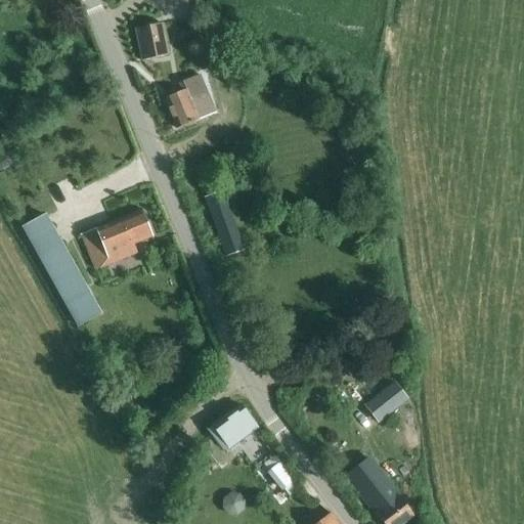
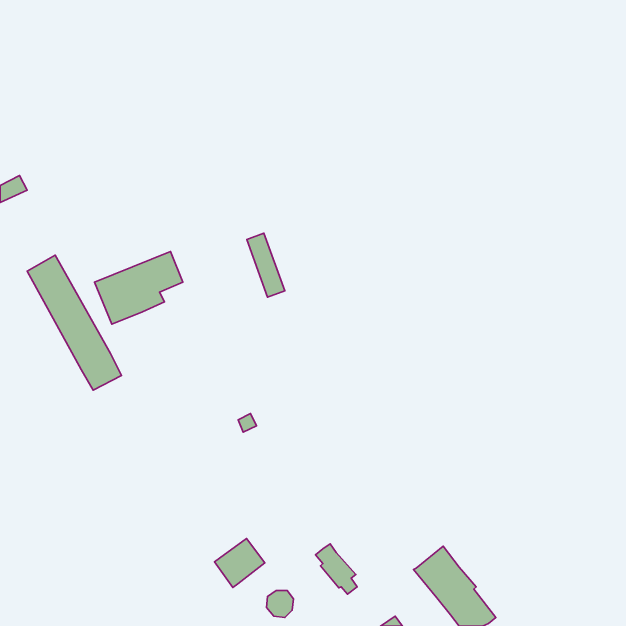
building: [137,23,169,60] -> none
building: [166,74,209,128] -> none
building: [364,387,404,423] -> none
building: [215,404,257,445] -> [215,538,265,587]

